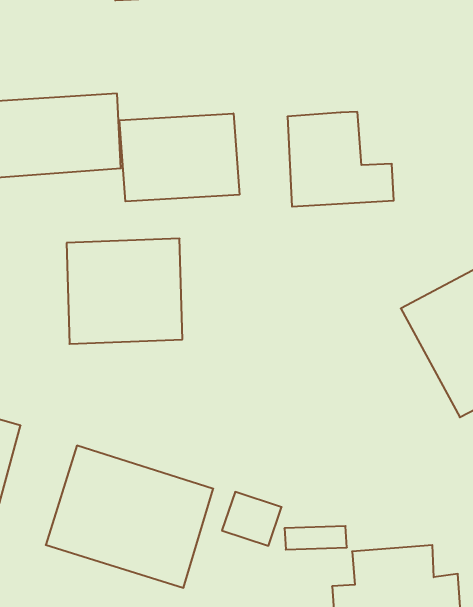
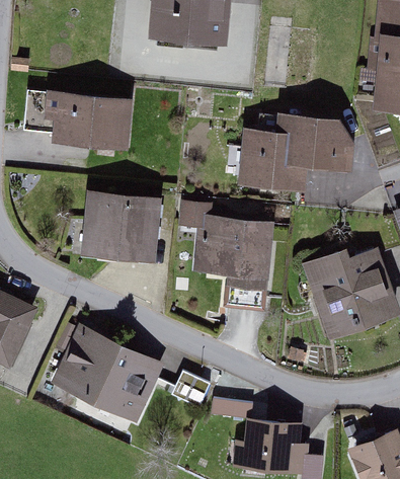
building: none -> [281,112,357,171]
building: [119,113,239,201] -> none
building: none -> [177,202,274,314]

